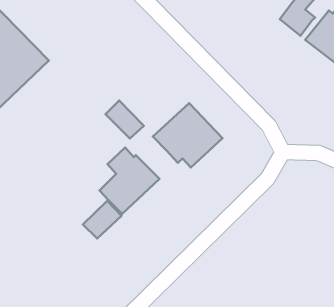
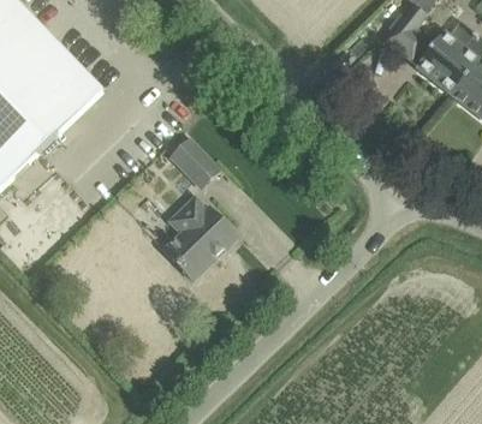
building: [153,103,222,167] -> none
building: [83,201,121,239] -> none

